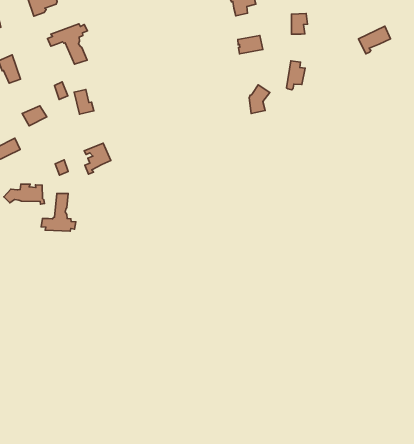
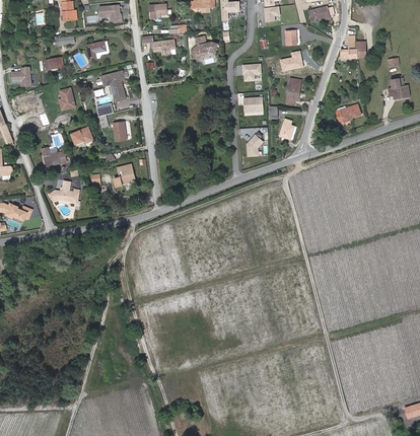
building: [41,193,76,231] -> none

